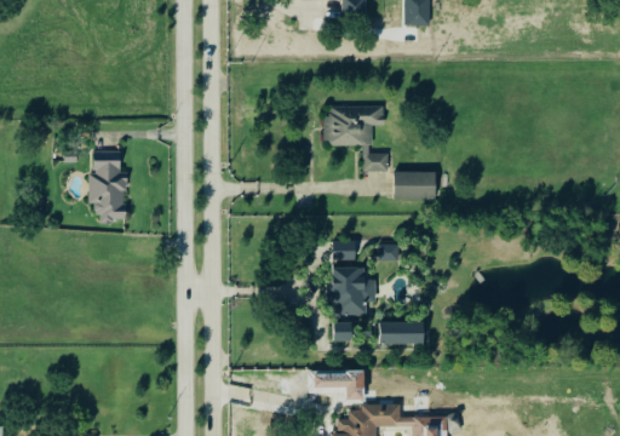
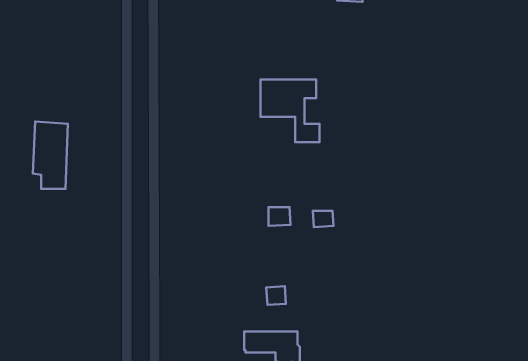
building: [392,172,434,200] -> none
building: [328,268,374,315] -> none
building: [378,322,424,344] -> none

